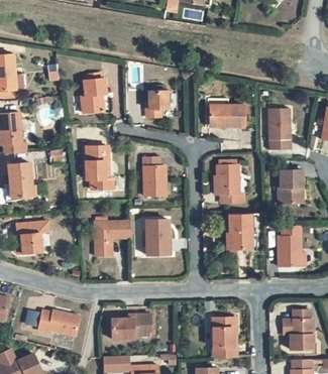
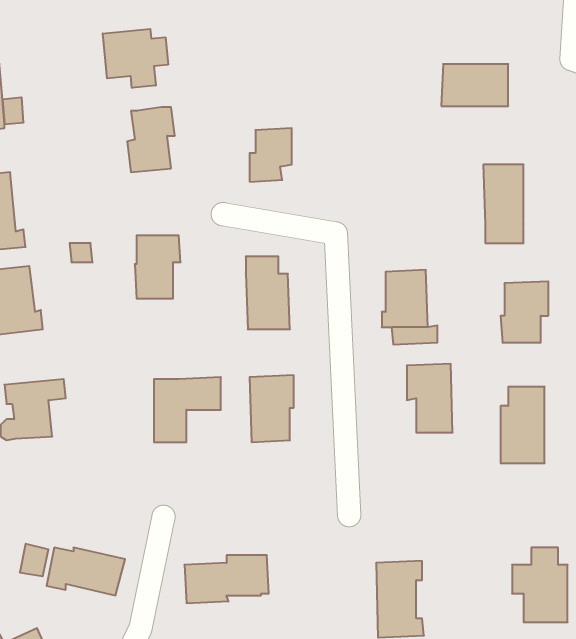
building: none -> [103,29,168,88]
building: [209,104,244,126] -> [441,64,508,106]

